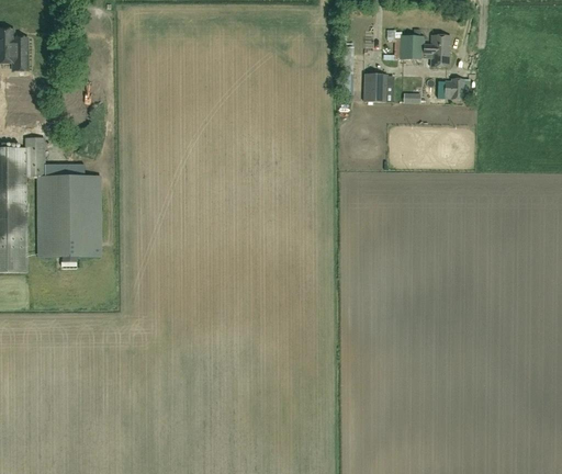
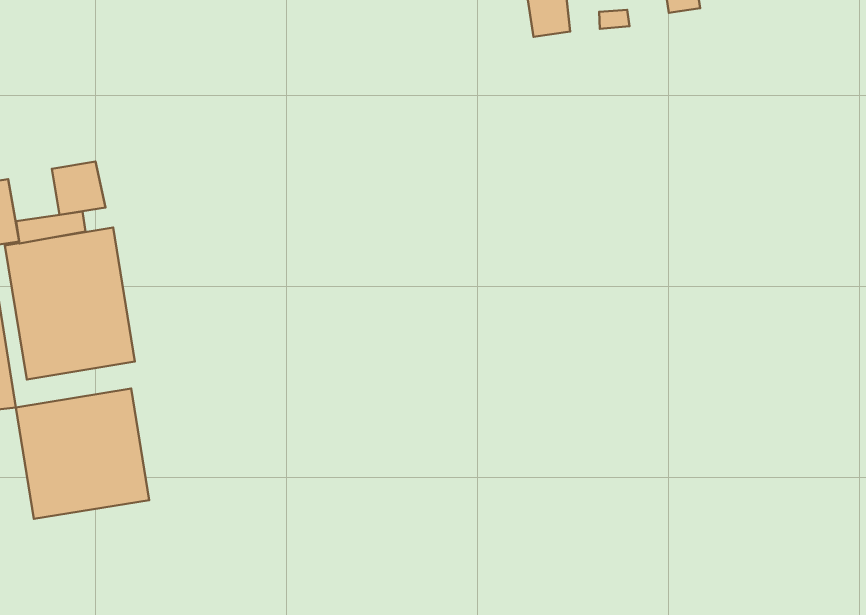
building: none -> [52,162,105,215]
building: none -> [16,389,149,519]

